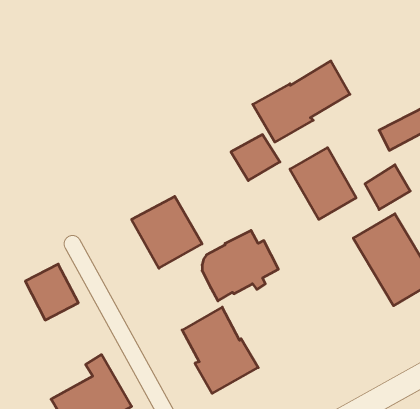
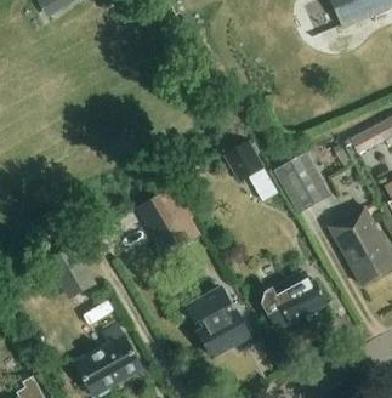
building: [253,61,350,142] -> none
building: [365,165,410,210] -> none
building: [202,230,278,301] -> [262,272,326,331]

